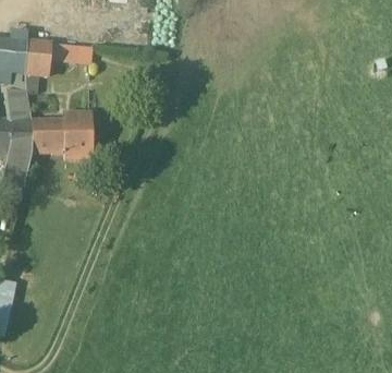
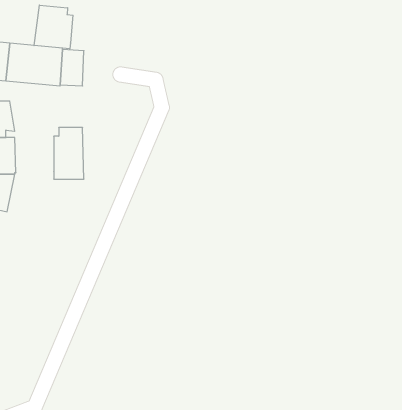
building: none -> [34,5,73,49]
building: [33,120,66,152] -> none

